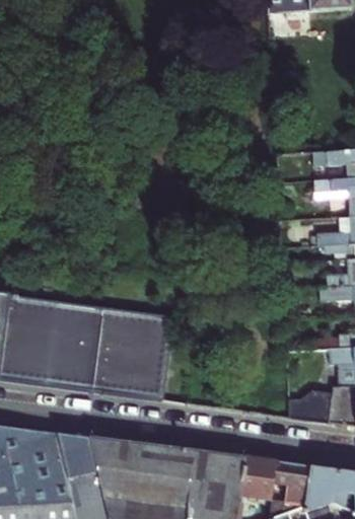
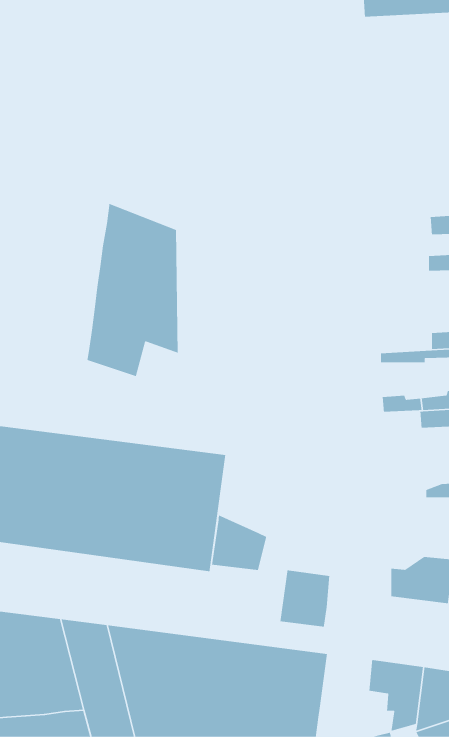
building: none -> [86,203,178,377]
building: none -> [211,514,267,571]
building: [239,457,275,498] -> [279,570,330,628]

